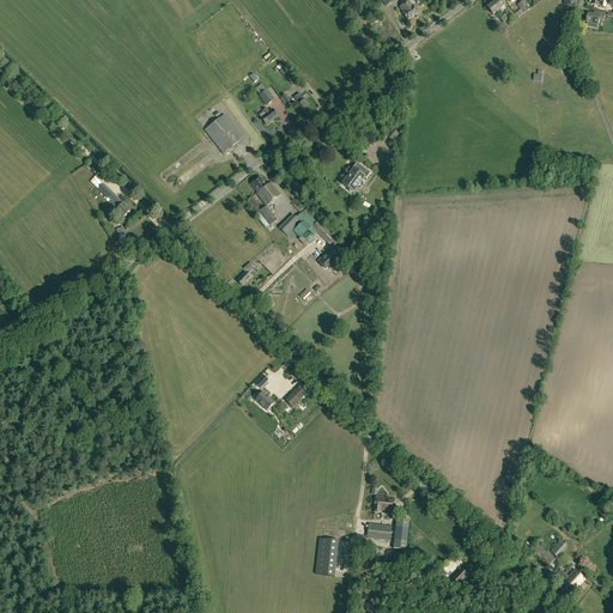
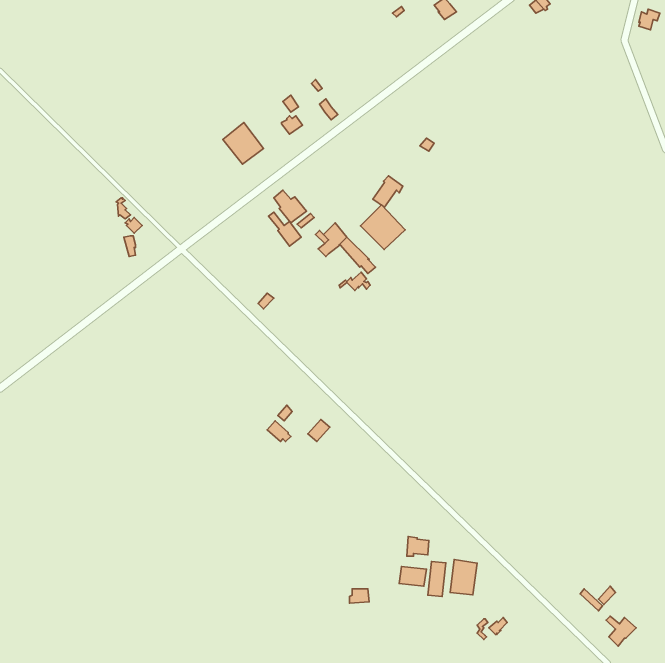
building: none -> [361,205,405,249]
building: none -> [450,560,477,595]

